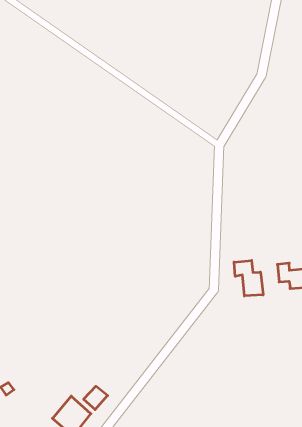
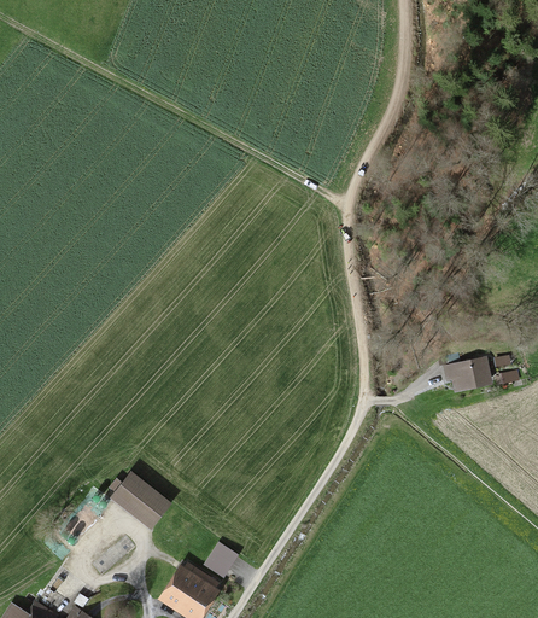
building: [234,260,263,296] -> none
building: none -> [110,476,169,525]

